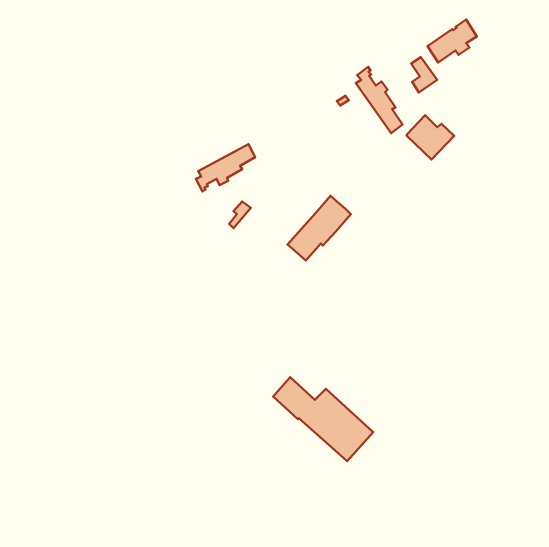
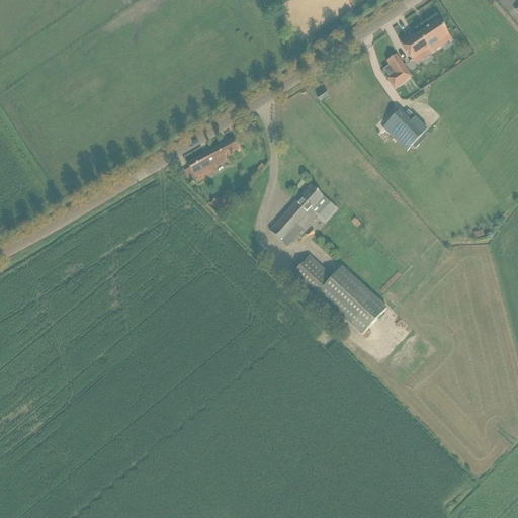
building: [356,67,402,133] -> none
building: [273,377,373,461] -> [293,255,387,334]

